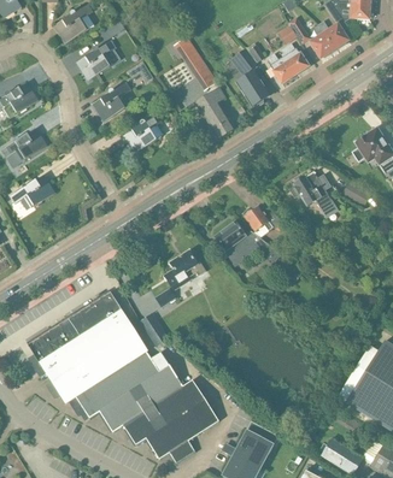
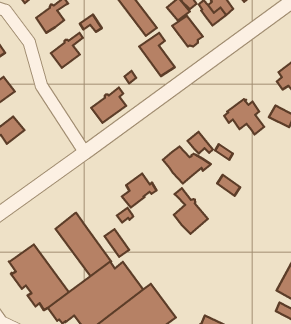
building: [123,113,164,153] -> [91,88,126,123]
building: none -> [174,188,208,234]
building: [58,308,122,383] -> none

